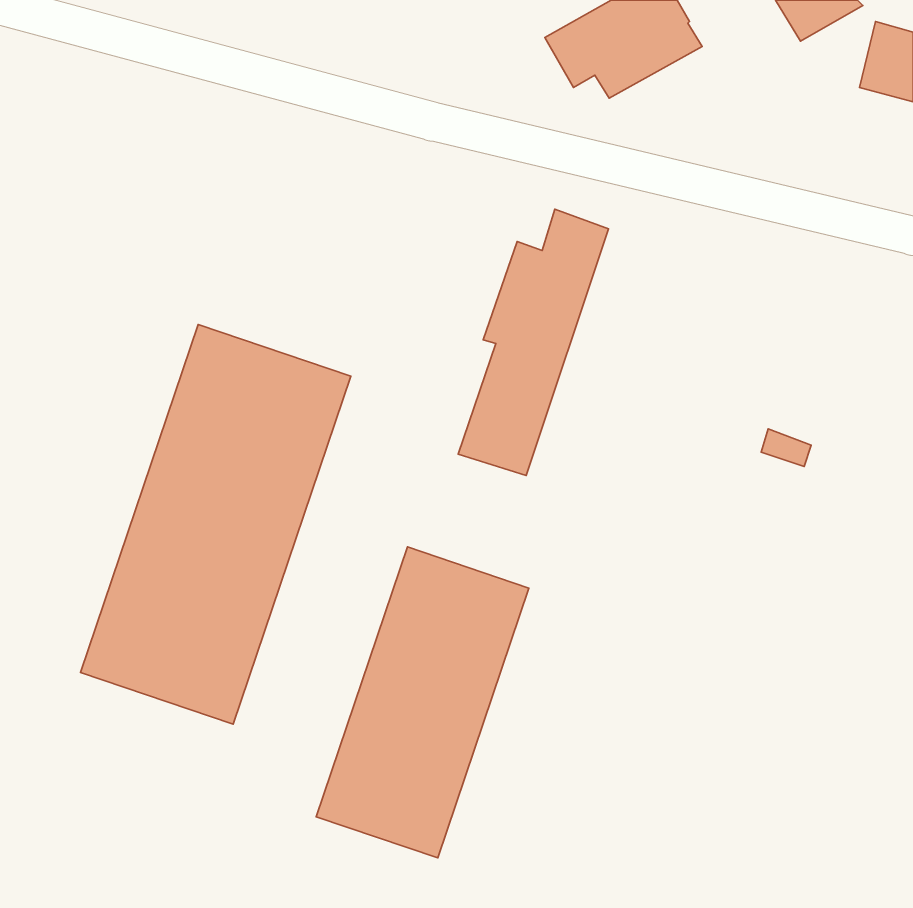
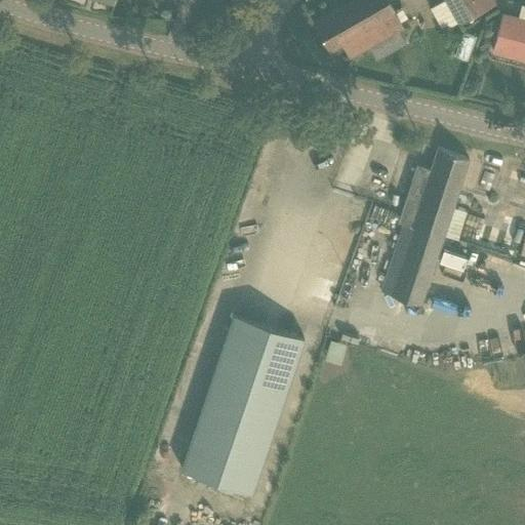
building: [458,209,608,476] -> [382,150,469,302]
building: [81,325,351,724] -> none

